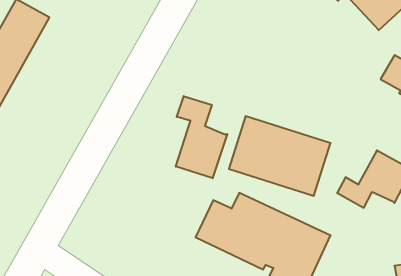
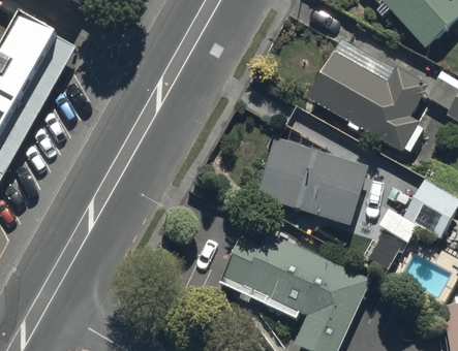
building: none -> [309,43,429,155]
building: [176,96,227,178] -> none

